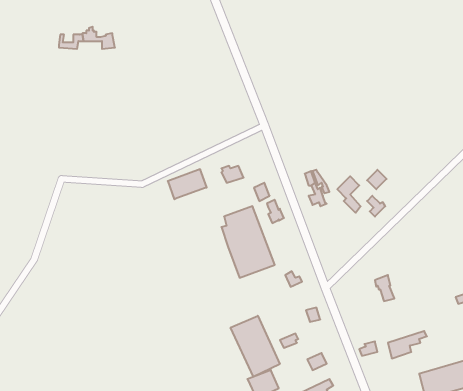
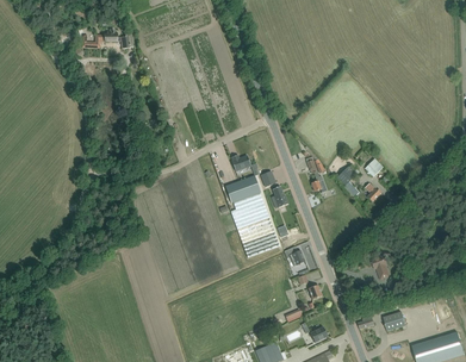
building: [168,169,207,199] -> [224,175,260,202]
building: [231,316,280,377] -> none

